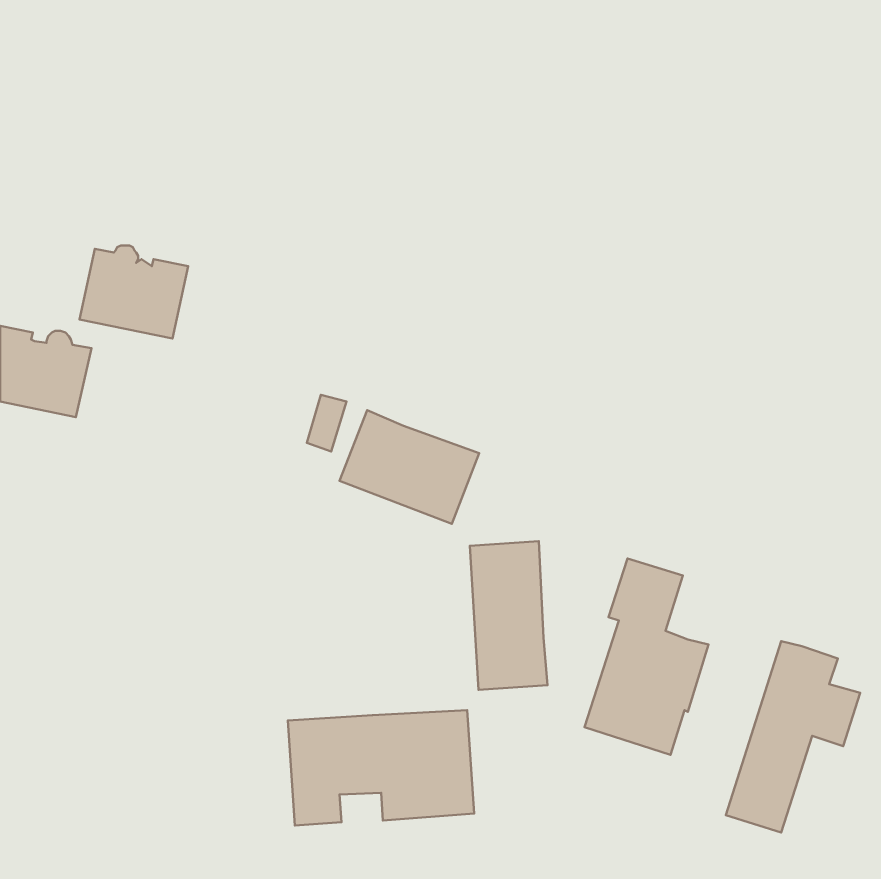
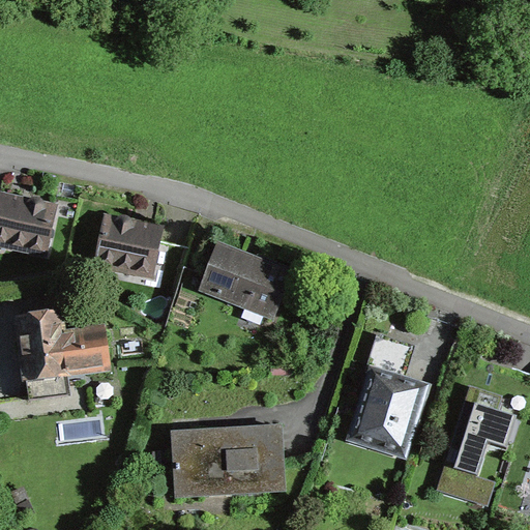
building: [79,245,188,339] -> [96,217,161,273]
building: none -> [19,315,110,398]
building: [470,541,548,690] -> none

